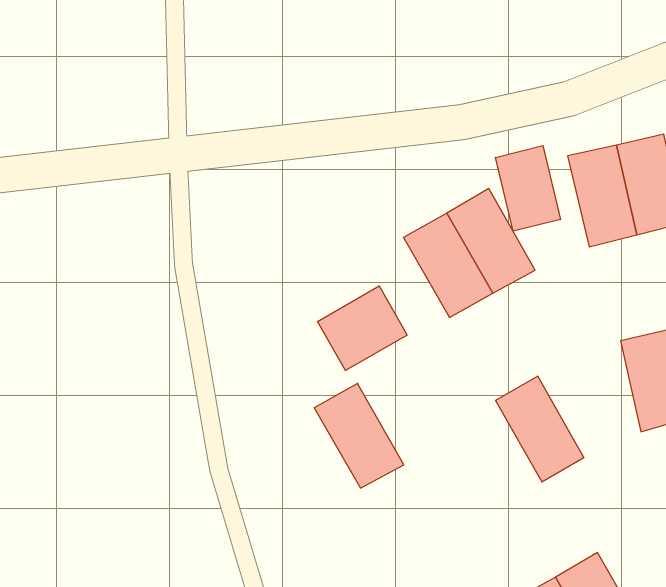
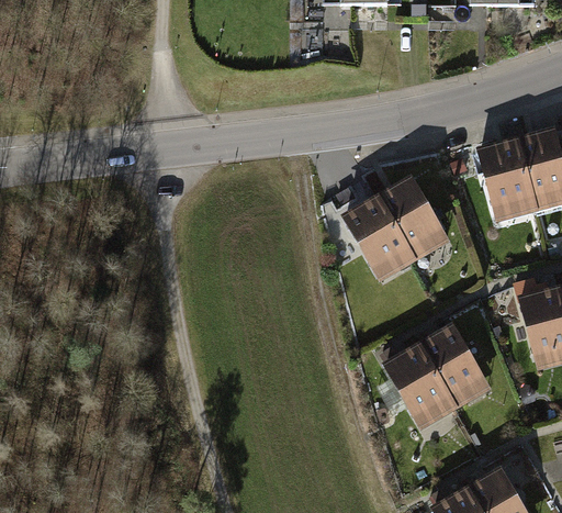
building: [495,146,560,231] -> none
building: [318,286,407,371] -> none
building: [314,383,404,488] -> [383,345,456,430]

